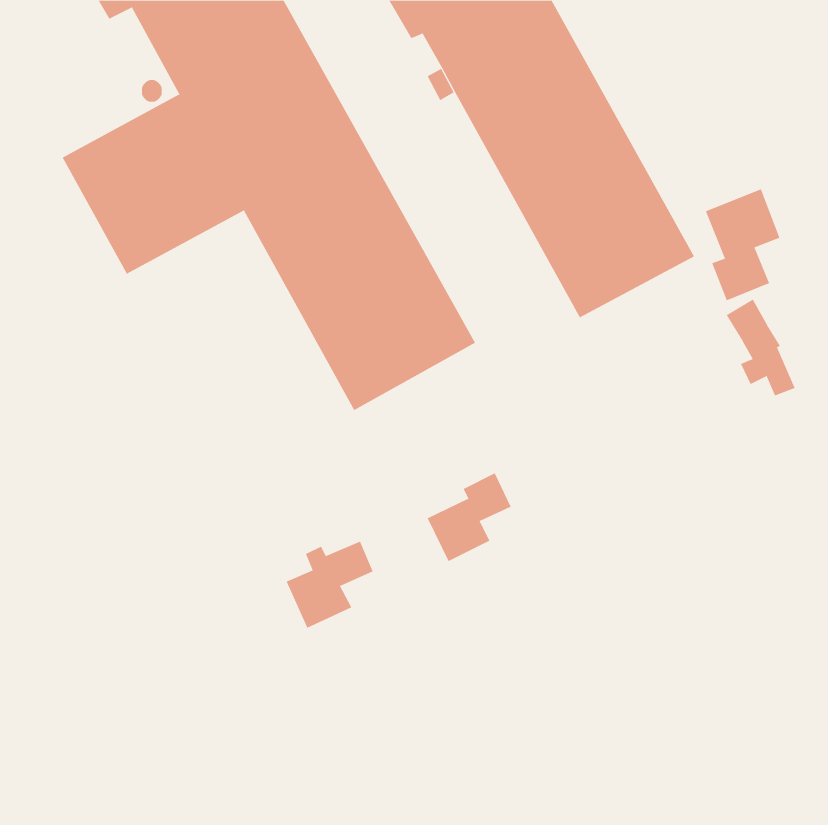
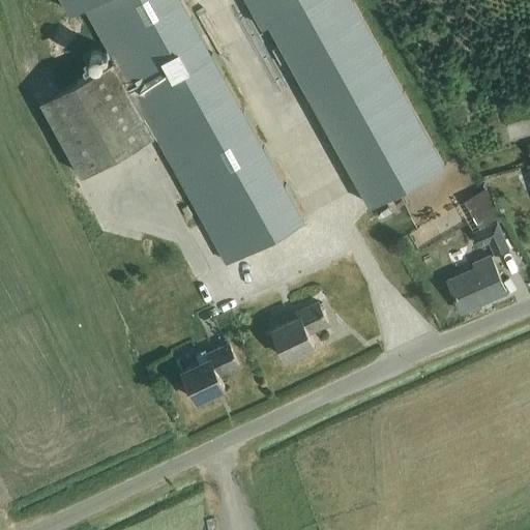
building: [705,188,780,301] -> none
building: none -> [447,257,505,314]

